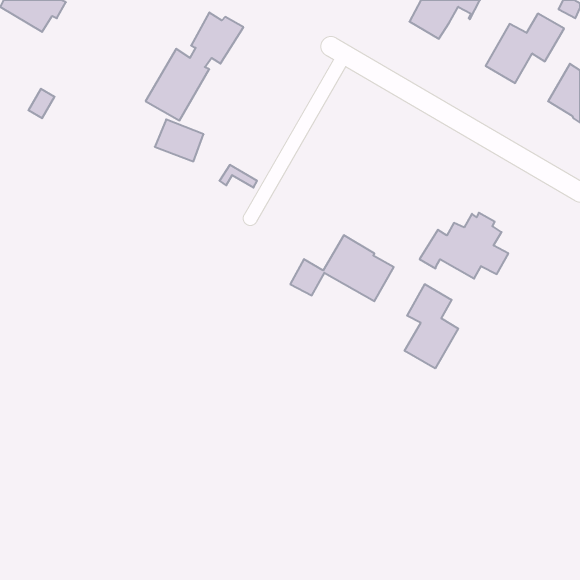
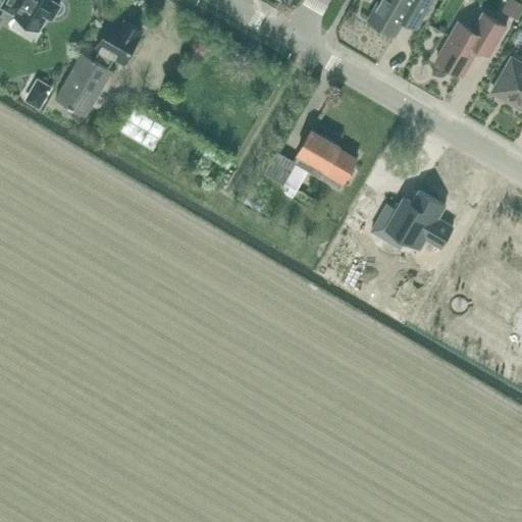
building: [146,12,243,120] -> [54,18,142,115]
building: [290,235,394,301] -> [263,129,356,189]
building: [405,284,458,368] -> none

